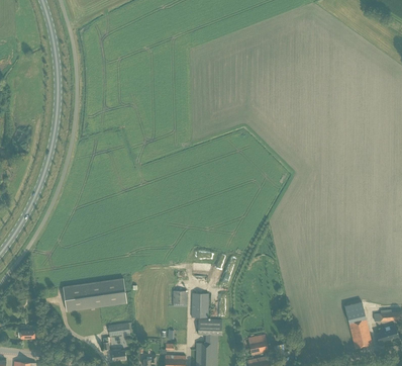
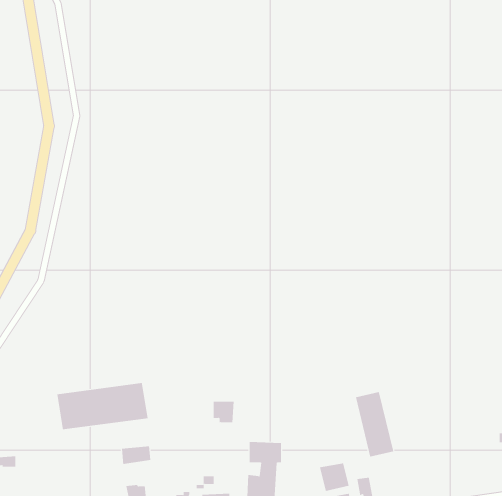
building: [191,293,208,317] -> none
building: [344,301,372,348] -> [355,391,394,457]

